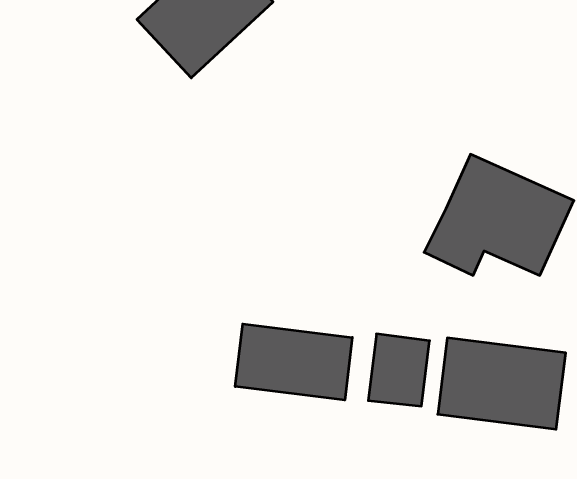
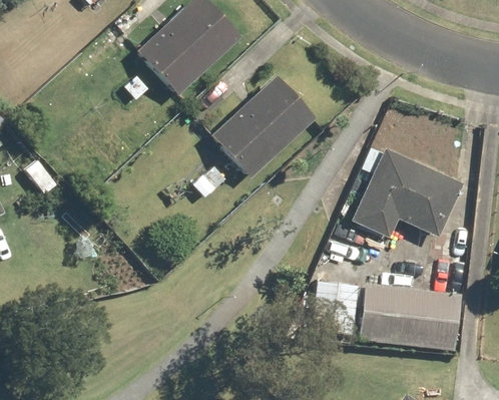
building: none -> [211,75,317,179]
building: [235,324,352,400] -> none

